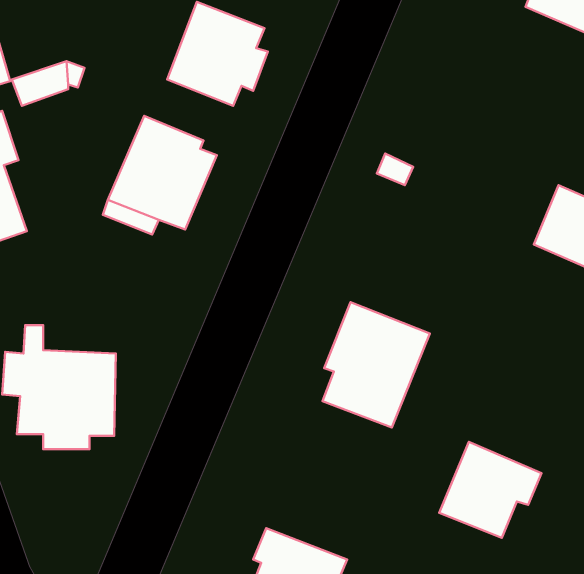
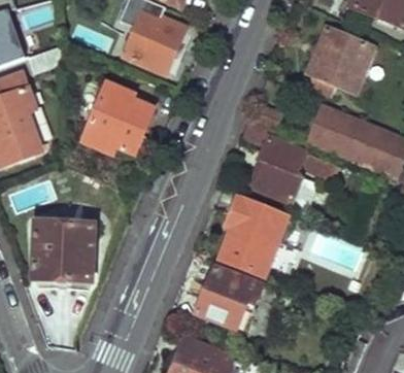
building: none -> [307,25,373,93]
building: none -> [308,103,369,160]
building: none -> [242,115,330,199]
building: [439,442,541,538] -> [198,266,262,326]

